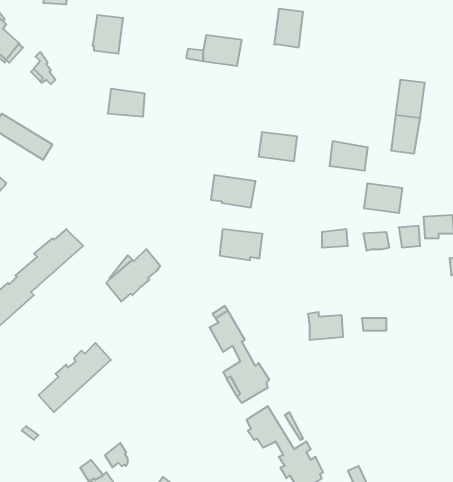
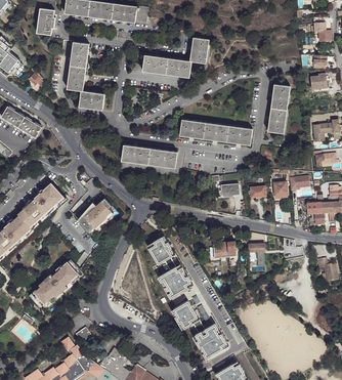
building: none -> [165,57,191,78]
building: none -> [67,65,86,90]
building: [364,184,402,213] -> [203,122,228,141]
building: [220,229,263,260] -> [121,144,149,165]

